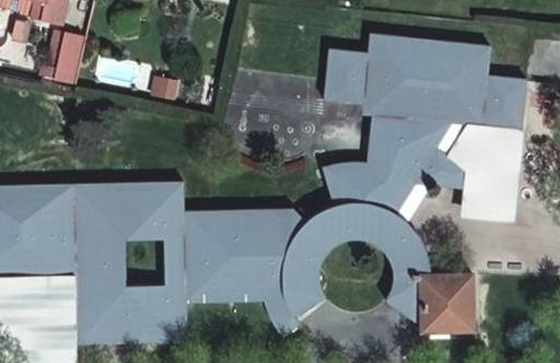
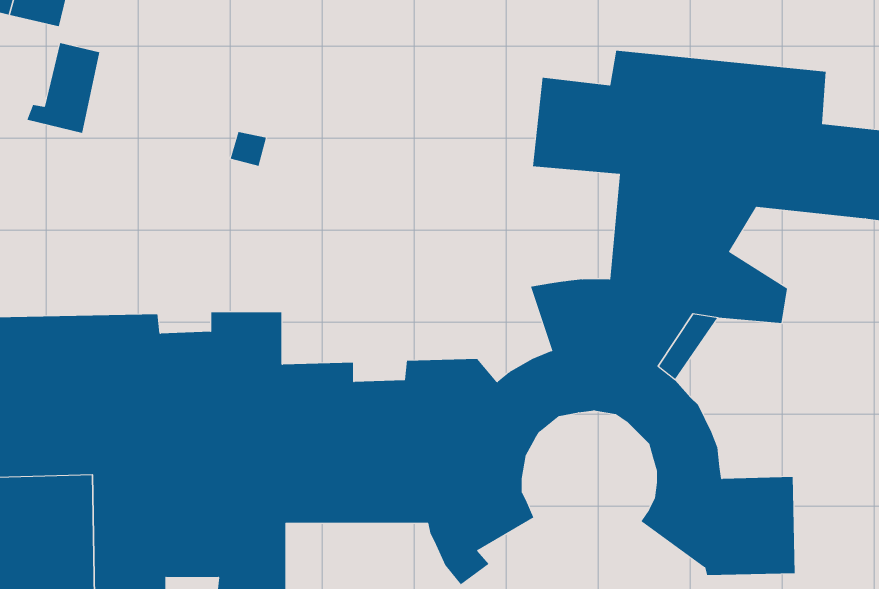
building: [435,122,512,222] -> none

